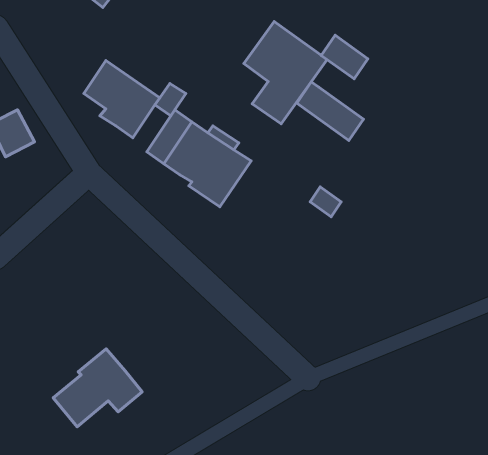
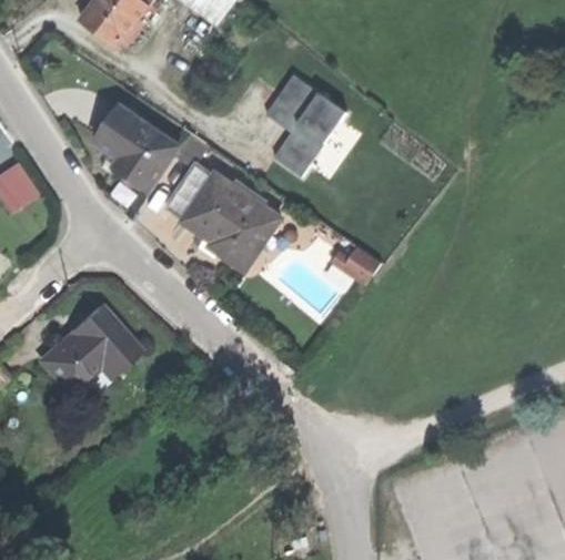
building: [321,35,368,79] -> none
building: [297,82,363,140] -> none
building: [53,349,142,427] -> [38,307,137,394]

